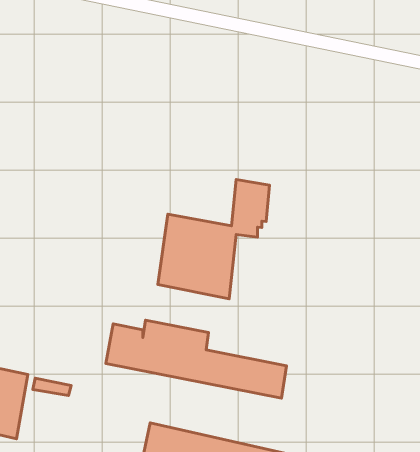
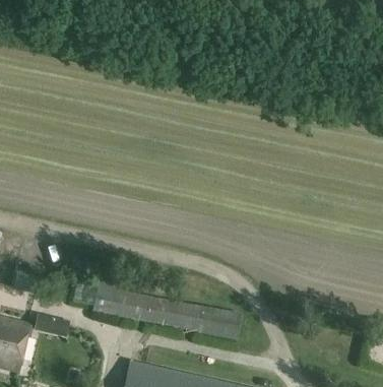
building: [158,179,270,299] -> none

